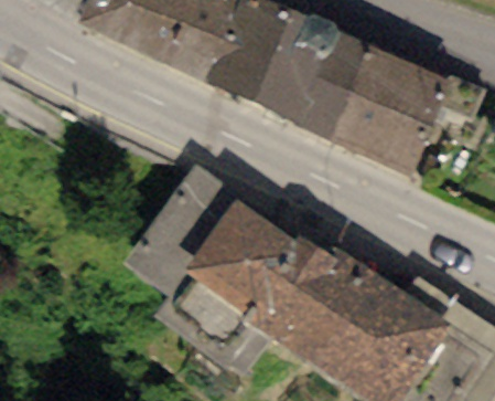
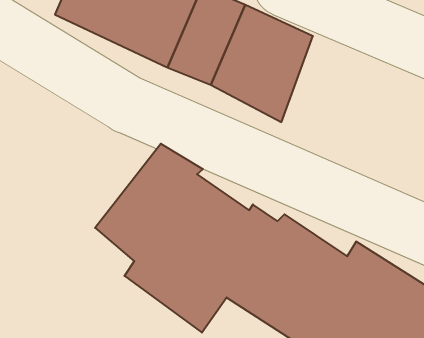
building: [333,43,487,178] -> none

